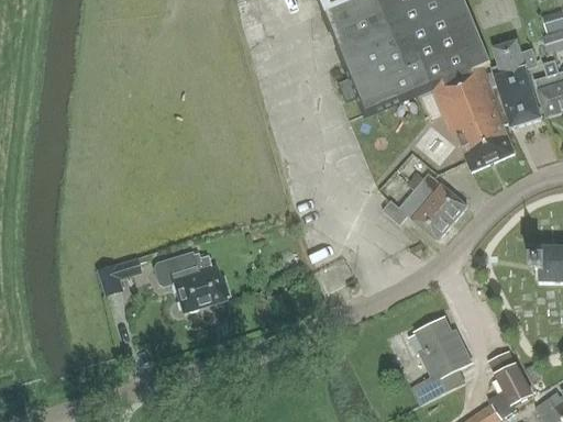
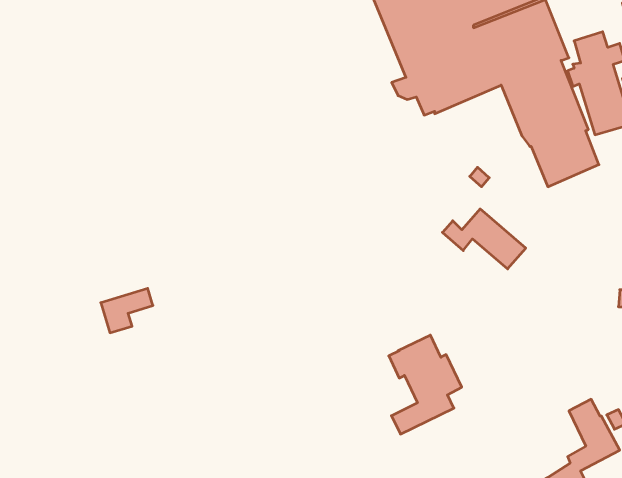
building: [415,173,468,222] -> none
building: [154,252,229,310] -> none
building: [409,318,471,401] -> [389,335,462,434]

